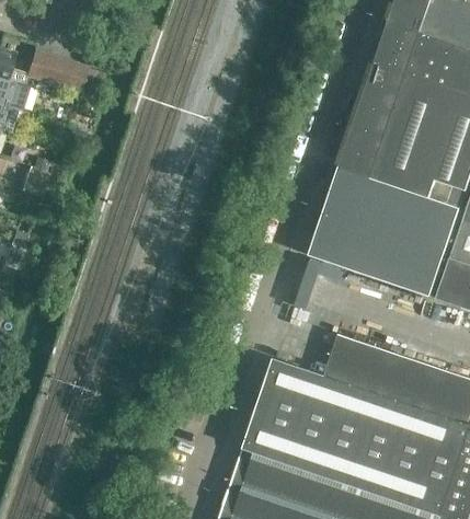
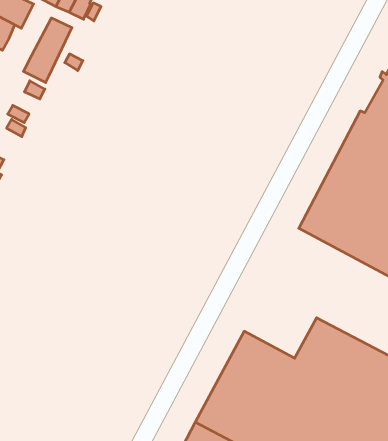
building: none -> [23,18,72,83]

